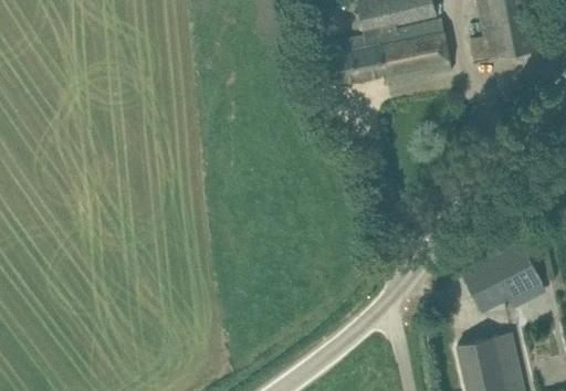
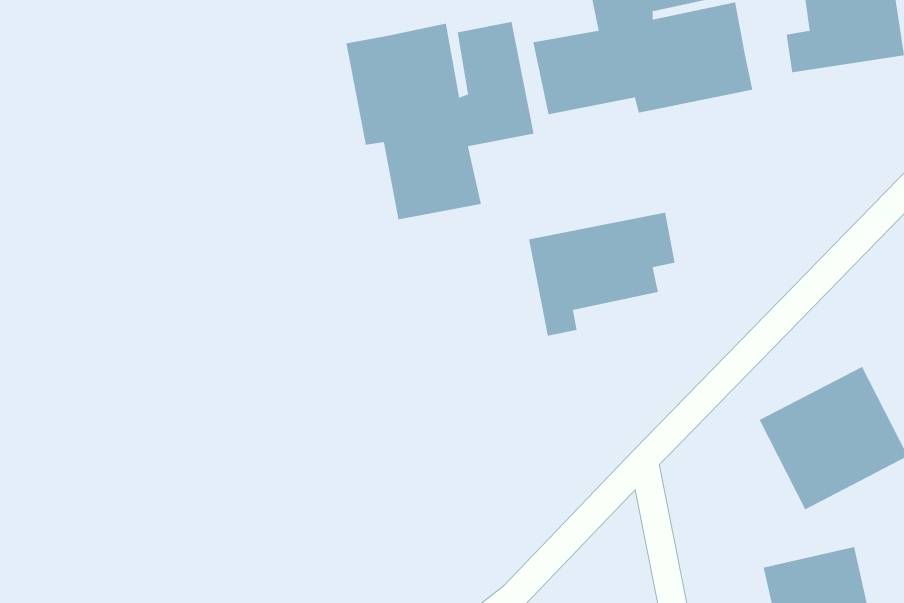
building: none -> [346,21,534,220]
building: none -> [529,212,675,336]

